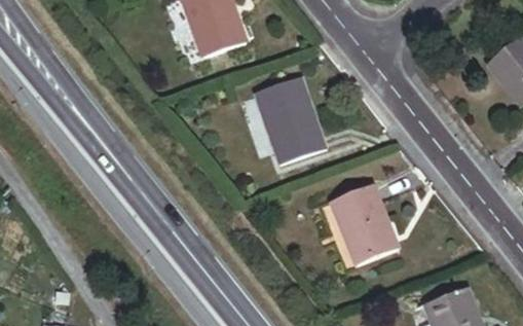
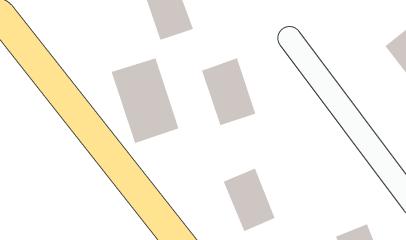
building: none -> [111,58,179,144]
building: [331,183,398,264] -> [223,168,276,232]

